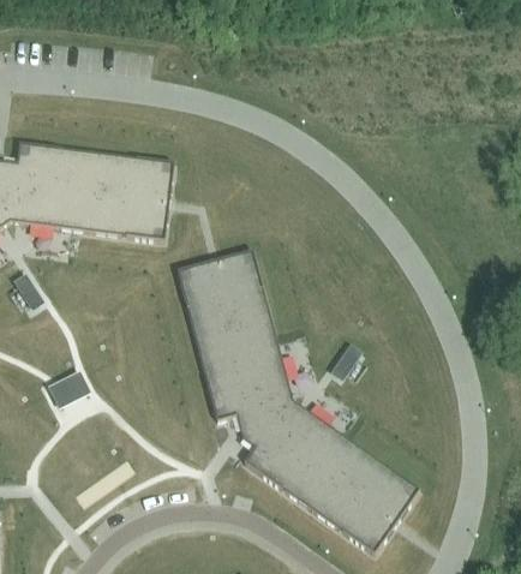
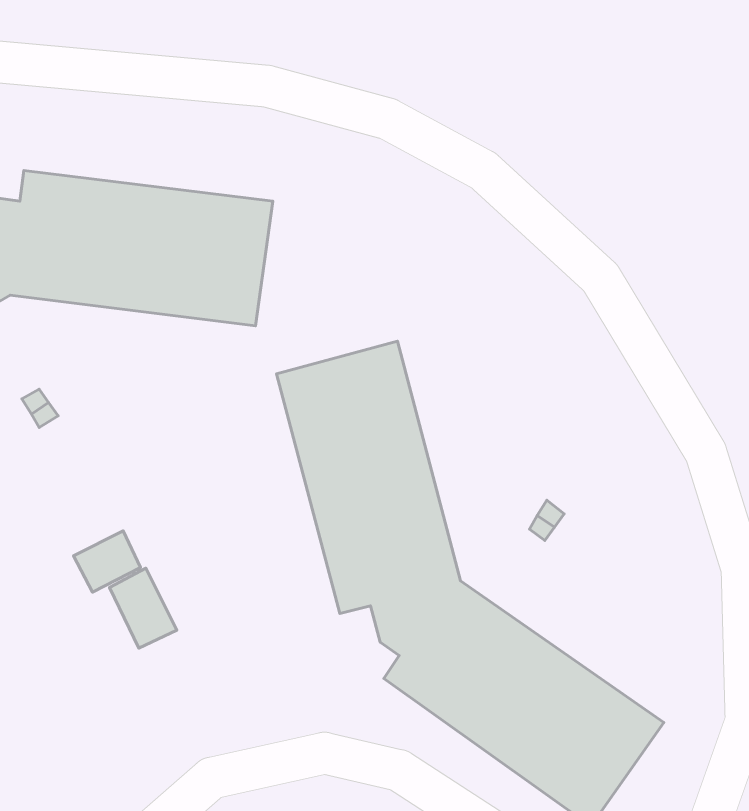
building: none -> [110,568,177,648]

